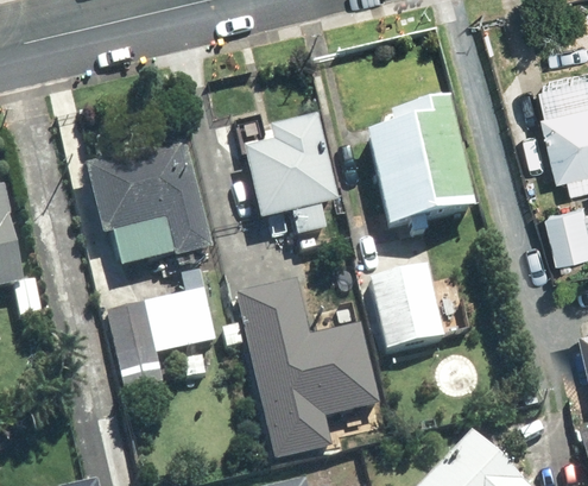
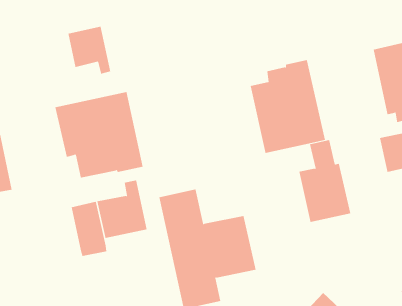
building: none -> [68,26,111,74]
building: [244,118,339,236] -> none
building: [369,231,445,351] -> [298,139,351,223]

